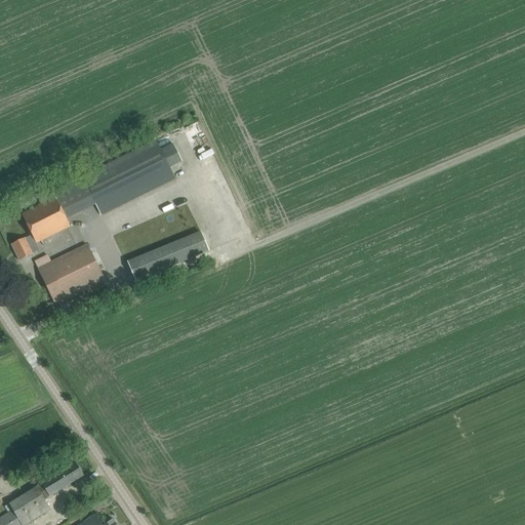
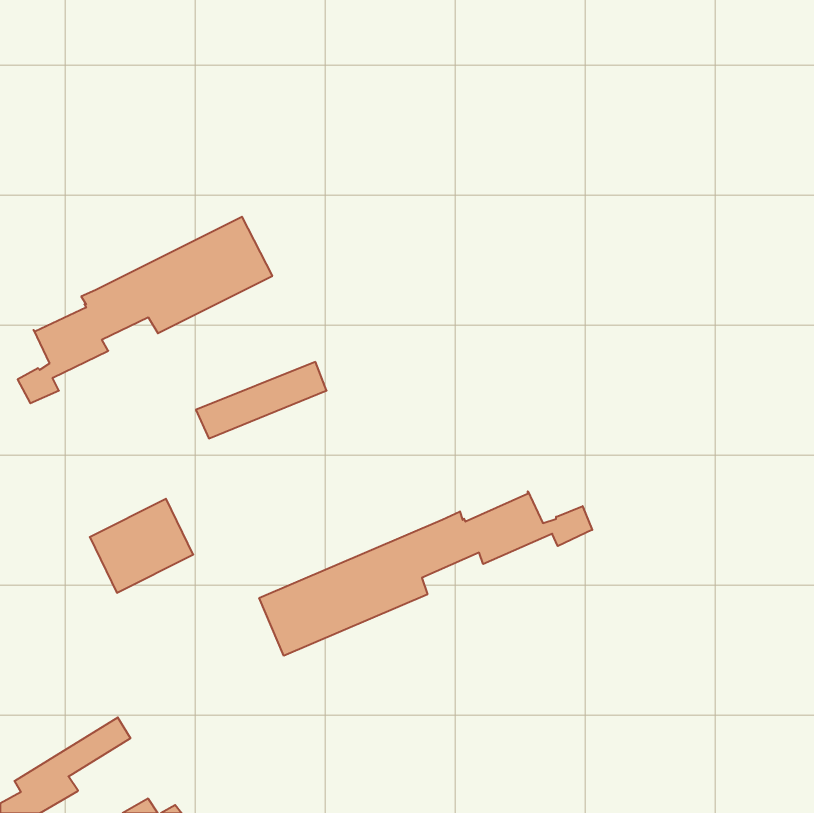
building: [38,244,105,305] -> [90,499,193,593]
building: none -> [259,491,592,656]

